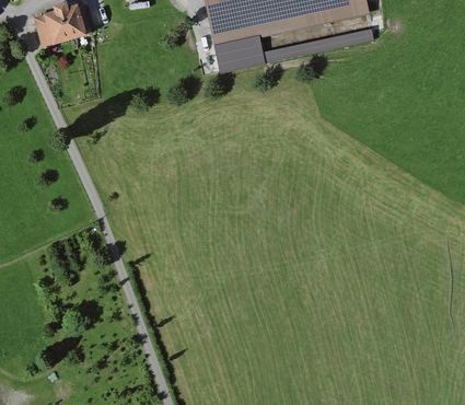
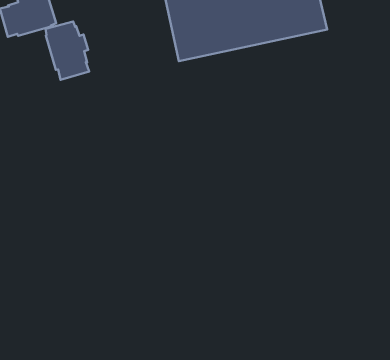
building: none -> [45,21,89,80]

